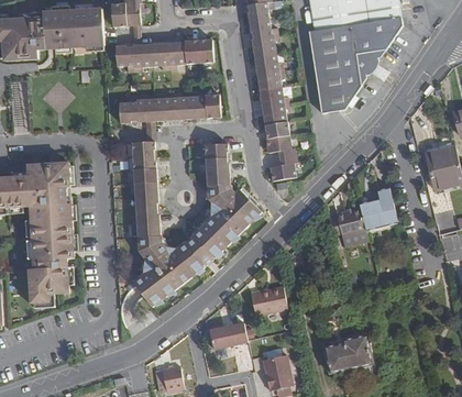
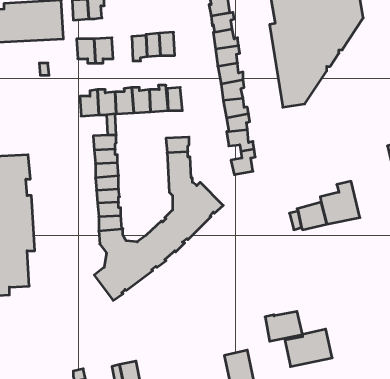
building: [151,43,172,68] -> none
building: [251,286,288,316] -> [265,311,303,341]
building: [208,322,246,349] -> none

